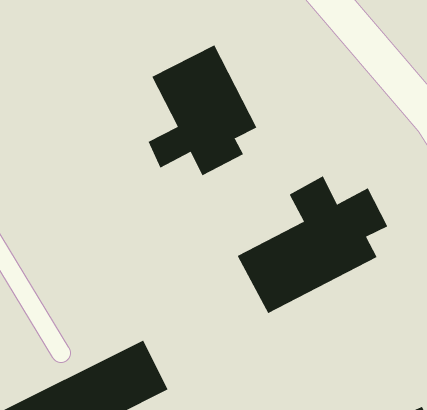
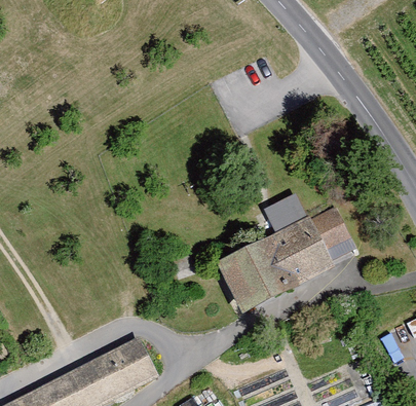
building: [148,45,257,176] -> none

